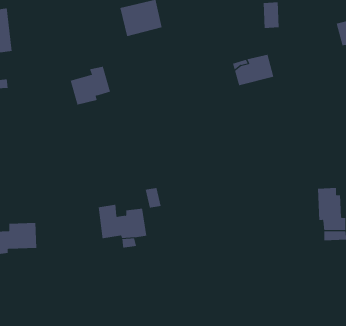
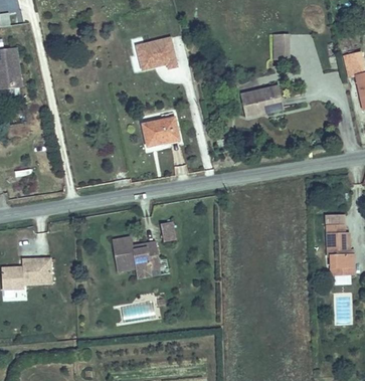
building: [70,66,111,105] -> [137,116,177,154]

